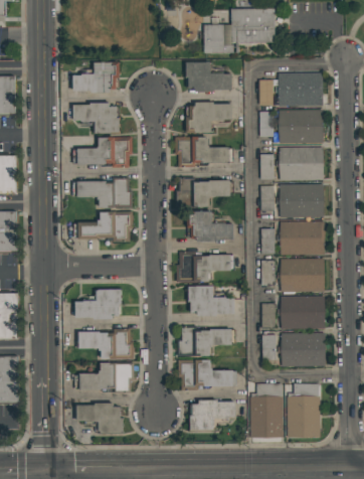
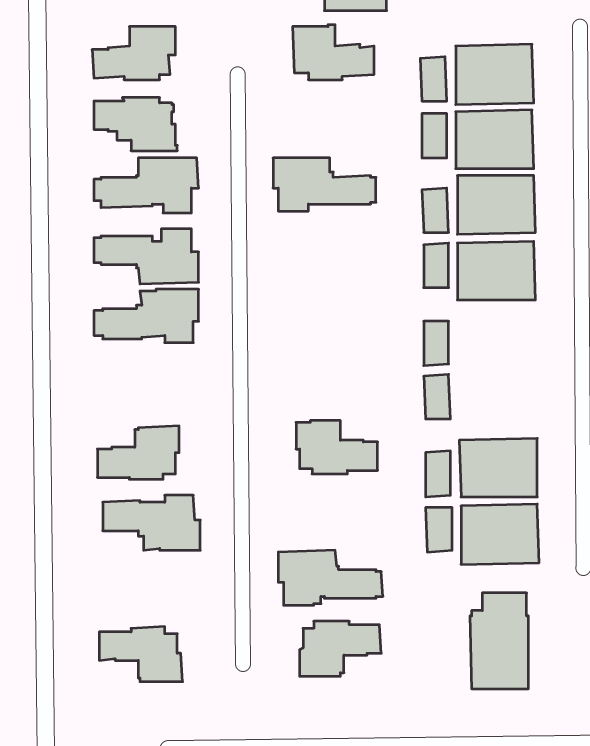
building: [186,103,232,133] -> none
building: [175,177,230,207] -> none
building: [187,211,234,243] -> none
building: [281,221,325,255] -> none
building: [176,252,231,282] -> none
building: [281,259,325,292] -> none
building: [177,325,234,356] -> none
building: [79,362,134,393] -> none
building: [250,383,284,437] -> none

